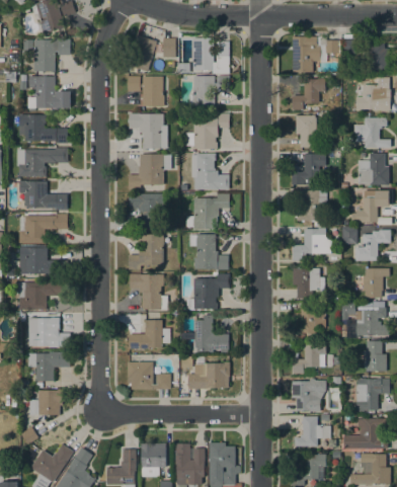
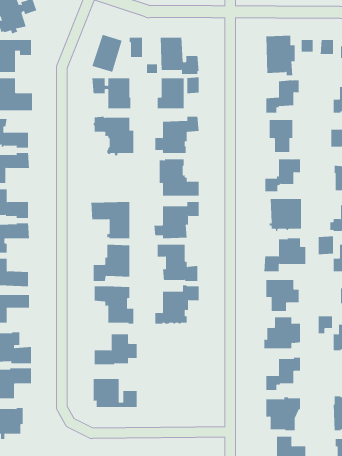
building: [128,154,174,191] -> none
building: [192,315,229,352] -> none
building: [187,362,230,388] -> none

